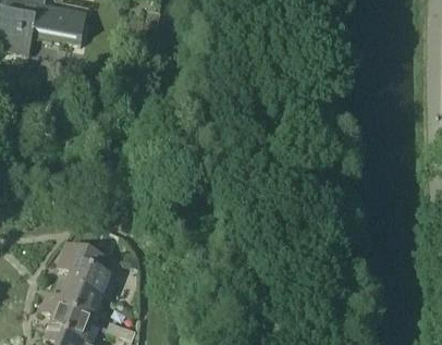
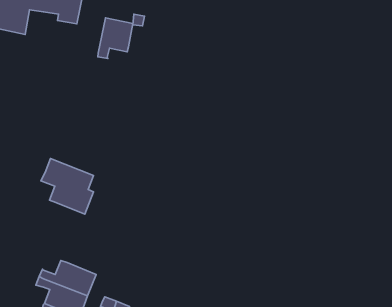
building: none -> [98,18,133,59]
building: [57,242,110,298] -> [41,158,93,214]

